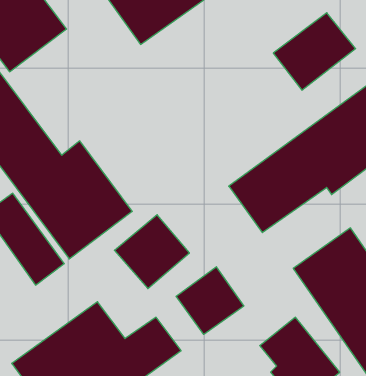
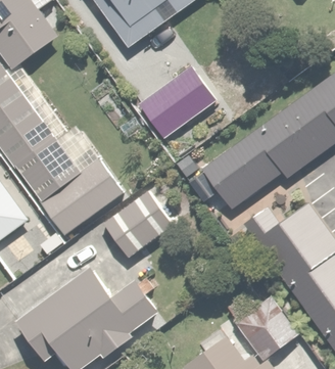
building: [273,13,356,90] -> [142,68,212,135]
building: [176,267,244,334] -> none

